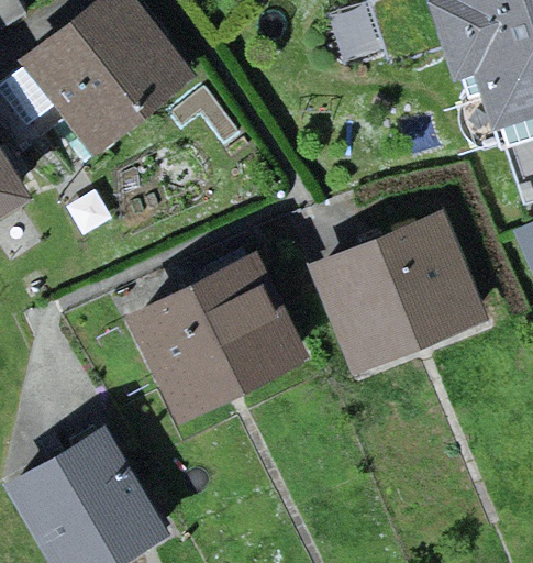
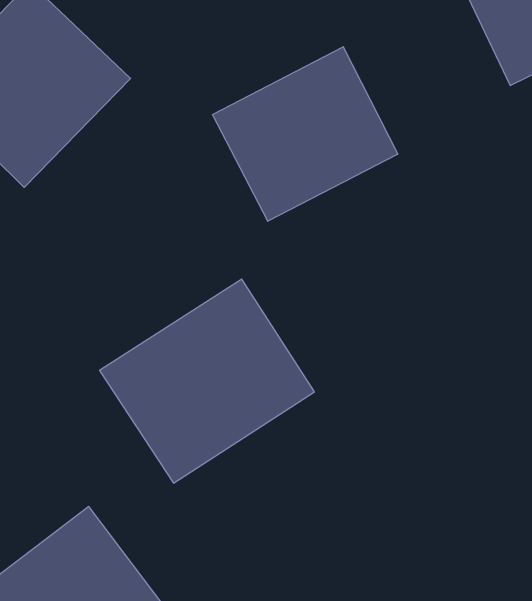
building: none -> [213,47,398,221]
building: [307,213,482,373] -> none

